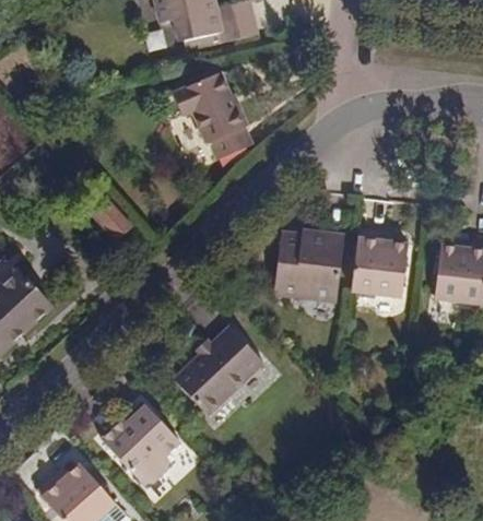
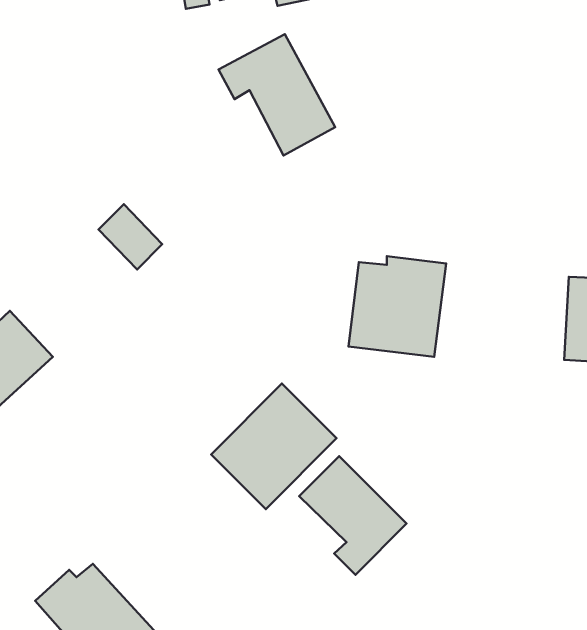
building: [350,229,408,299] -> none
building: none -> [299,456,406,575]
building: [101,405,178,492] -> none

